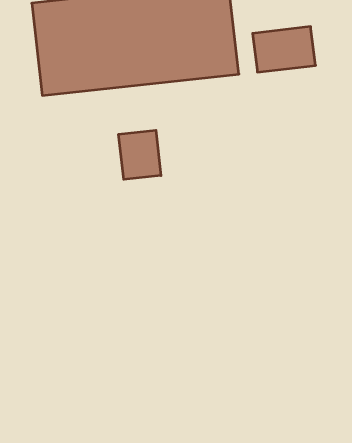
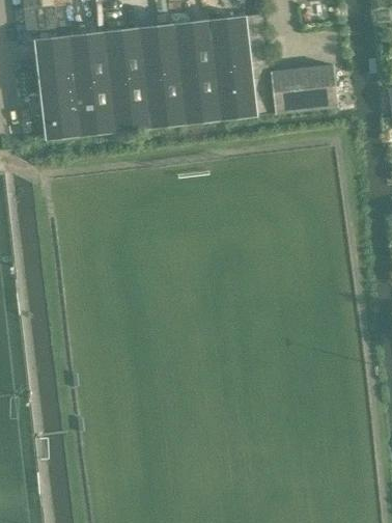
building: [119,130,161,179] -> none

